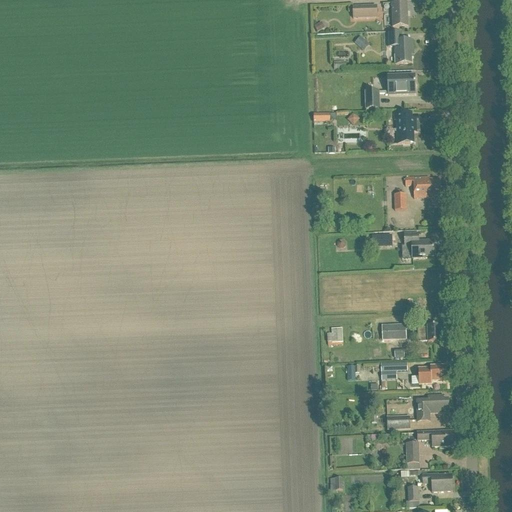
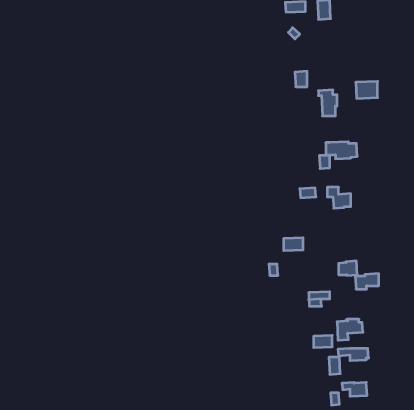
building: [389,30,413,62] -> none
building: [388,72,415,93] -> [356,81,378,98]
building: [382,322,406,338] -> [284,238,303,251]
building: [418,364,447,383] -> [355,274,379,289]

